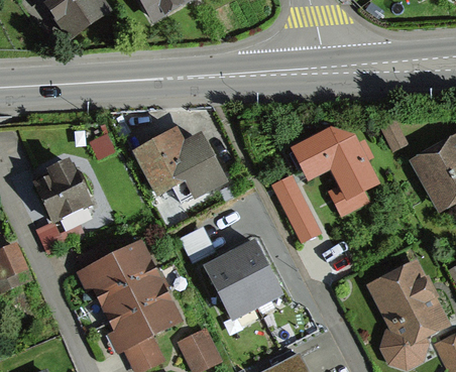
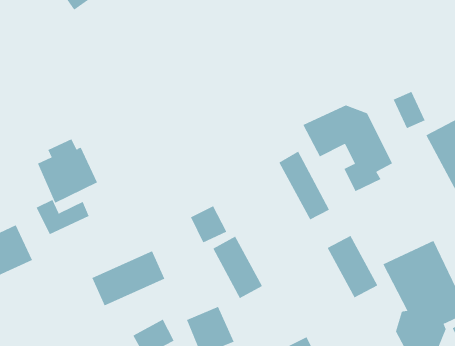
building: [134,121,229,195] -> none
building: [77,242,147,295] -> none
building: [227,243,276,303] -> [327,235,378,298]
building: [101,296,172,350] -> none

